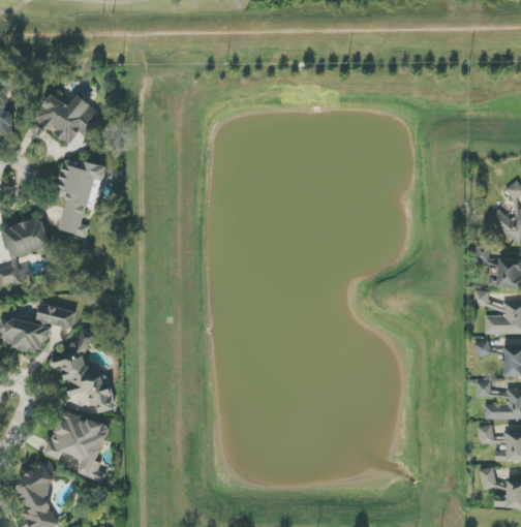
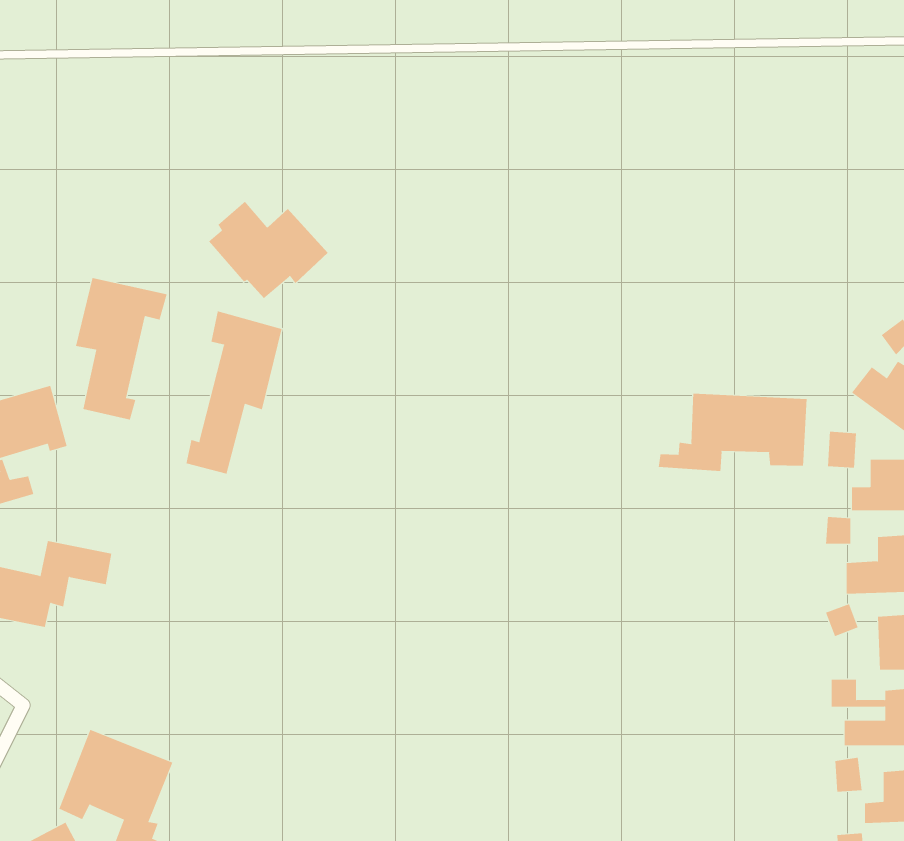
building: [35,90,102,145] -> [208,201,329,299]
building: none -> [186,311,282,474]
building: none -> [658,393,807,472]
building: [51,329,116,413] -> none

